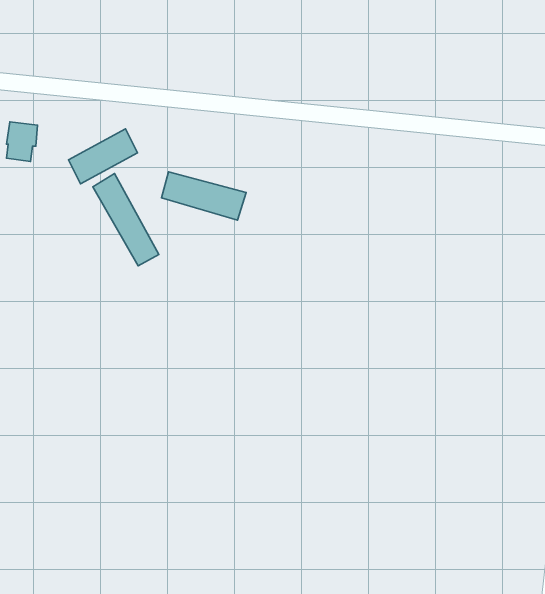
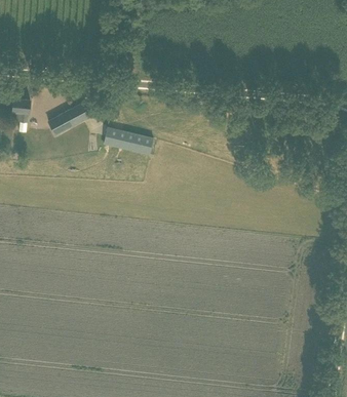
building: [93,173,159,266] -> none

